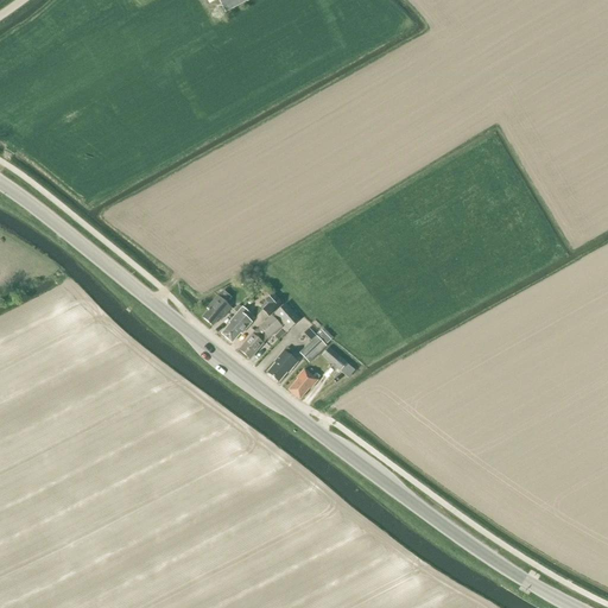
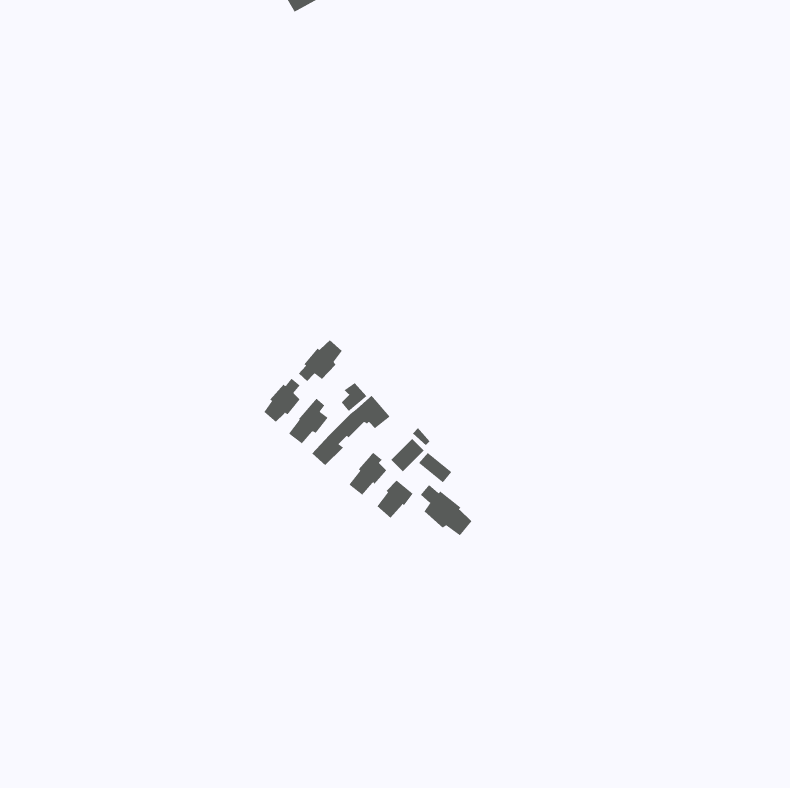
building: none -> [298,339,343,382]
building: none -> [420,484,472,536]

